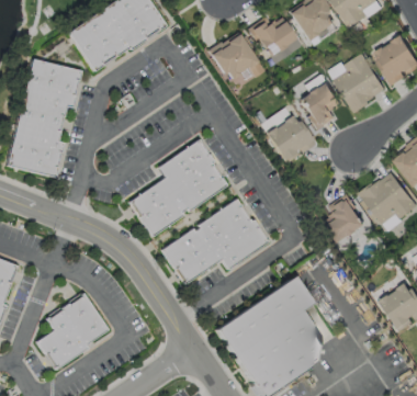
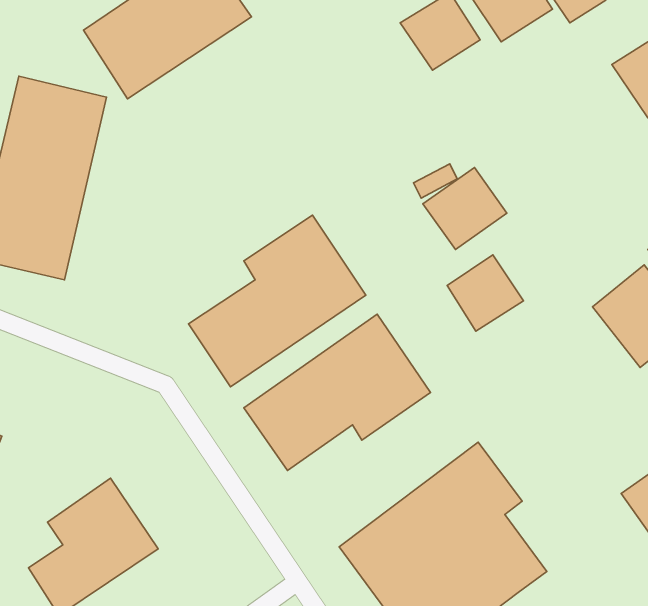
building: [208,34,262,83] -> none
building: [329,53,386,111] -> none
building: [295,80,337,131] -> none
building: [319,200,363,244] -> [447,255,523,331]

